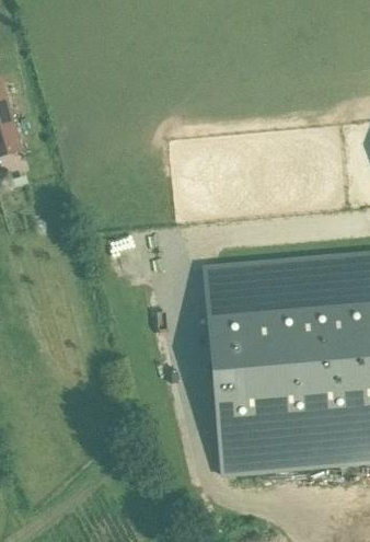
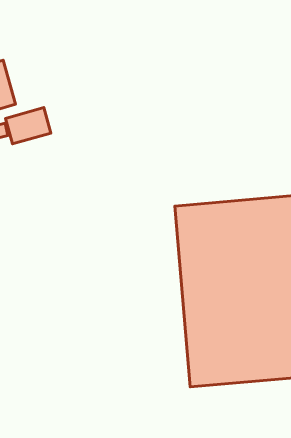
building: none -> [6,108,51,144]

